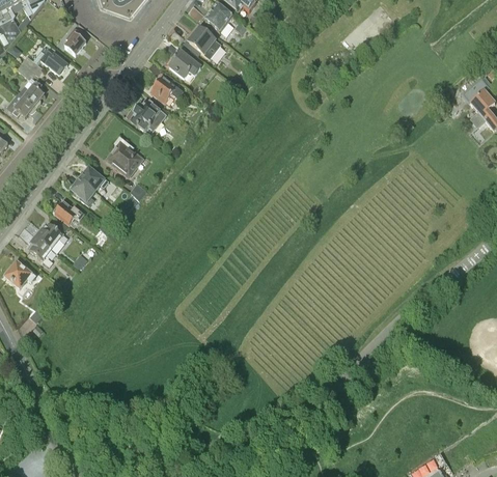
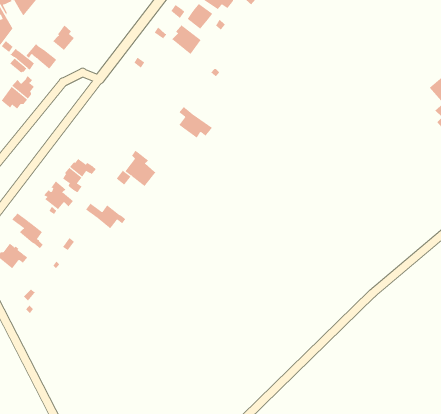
building: [165,44,201,78] -> [179,106,213,138]
building: [150,76,183,103] -> none
building: [126,95,166,135] -> none
building: [108,137,142,176] -> [124,150,157,187]
building: [25,220,68,248] -> [85,203,126,229]

